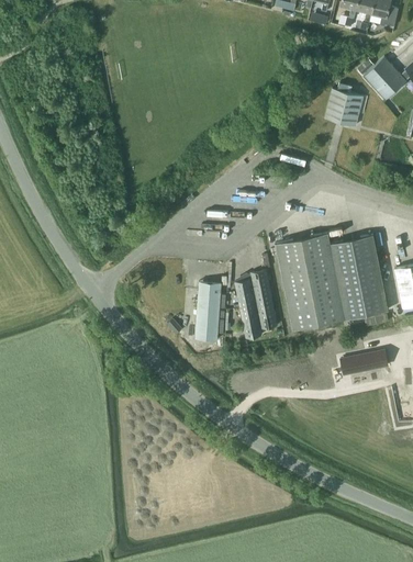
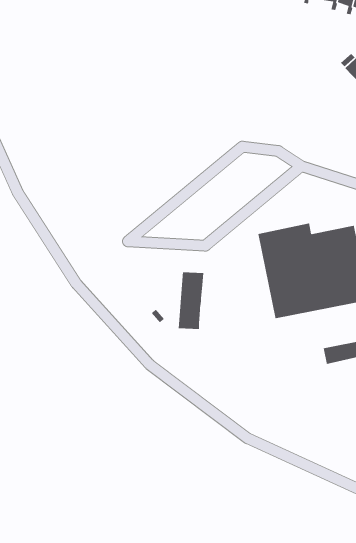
building: [325,82,364,125] -> none
building: [235,269,278,338] -> none

